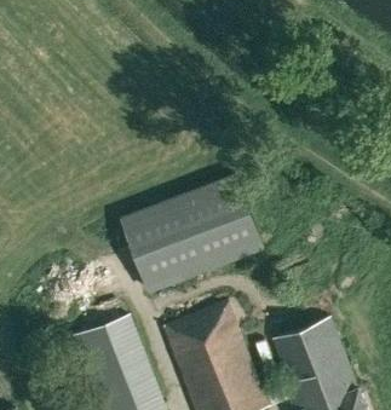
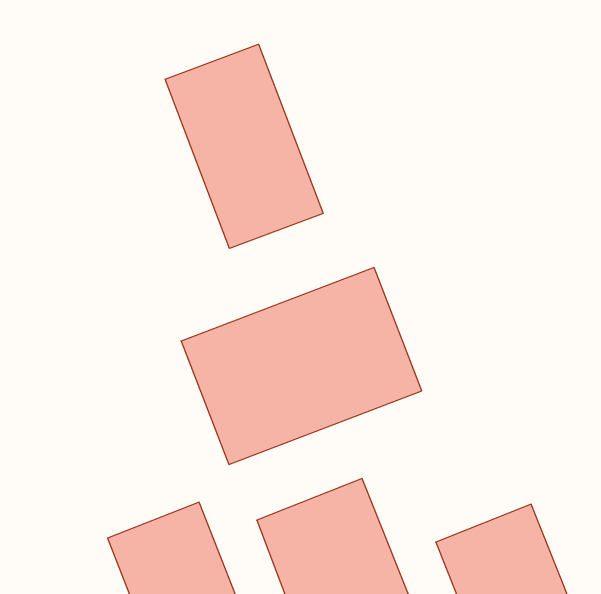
building: none -> [165,44,323,248]

